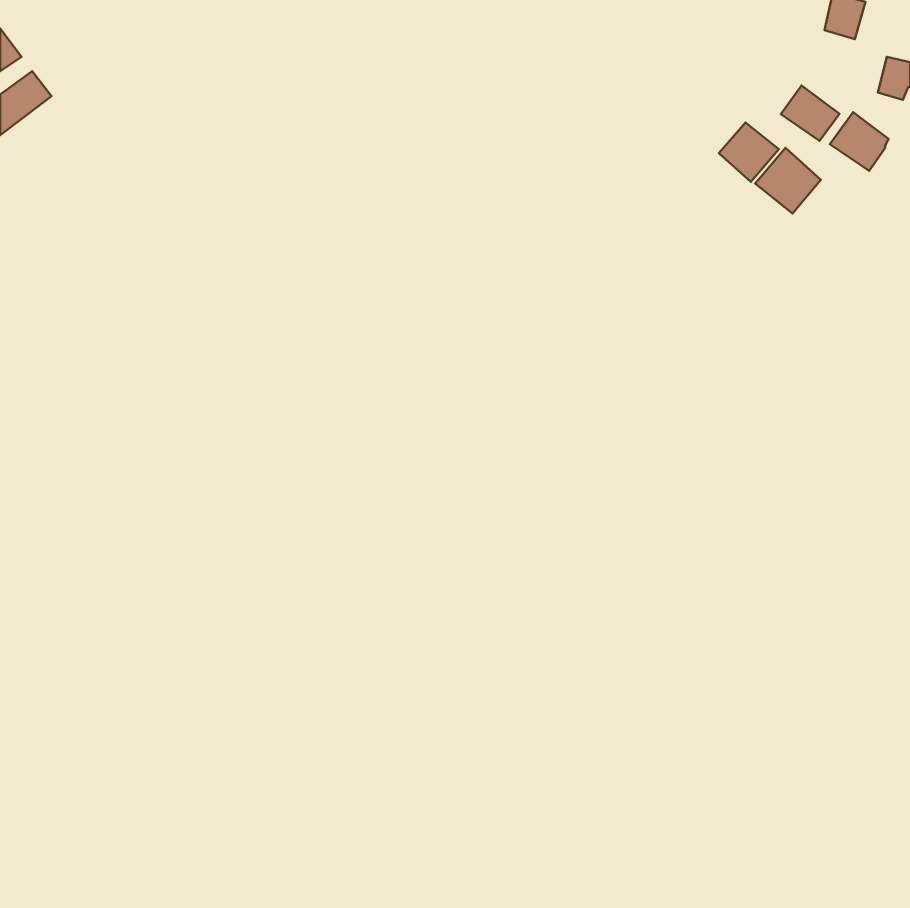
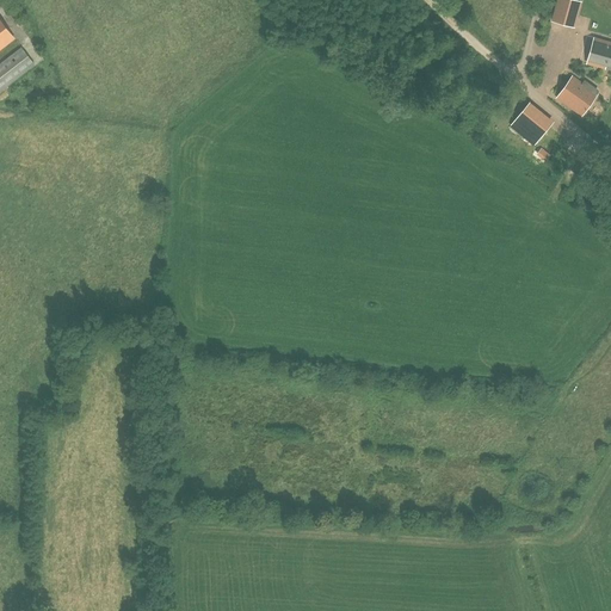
building: [781,85,839,141] -> none
building: [719,122,779,182] -> none

